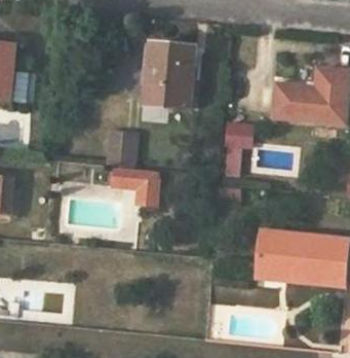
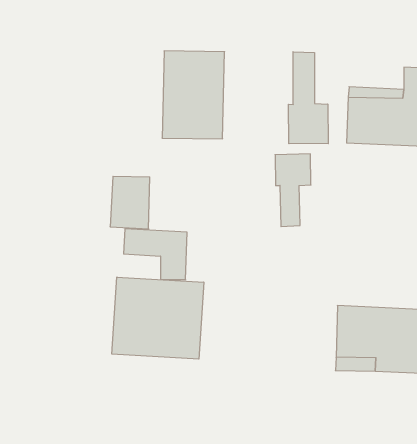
building: none -> [288,52,328,144]
building: none -> [112,277,204,359]

